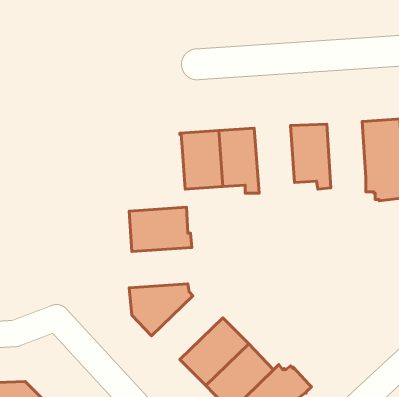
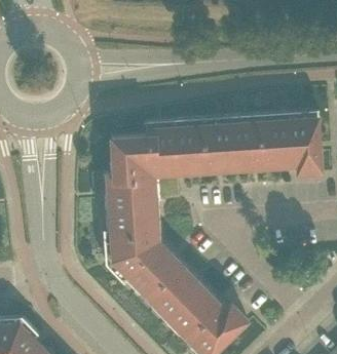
building: none -> [261,113,292,165]
building: none -> [203,116,235,169]
building: none -> [104,136,150,184]
building: none -> [104,212,155,244]
building: none -> [122,247,179,301]

